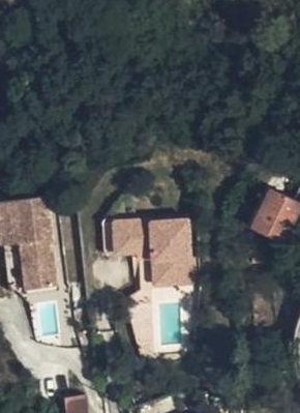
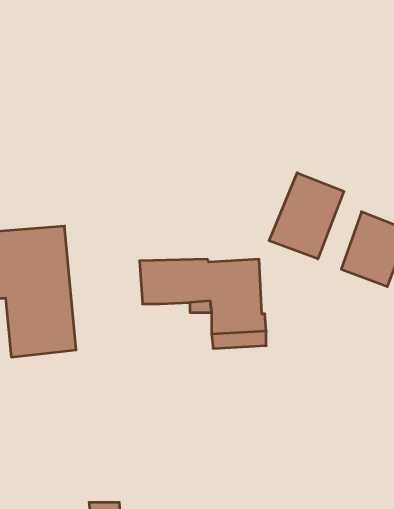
building: none -> [269,173,344,259]

